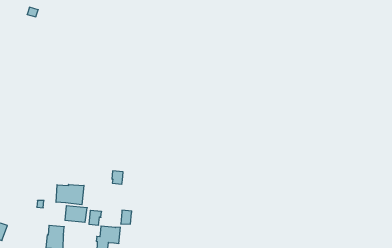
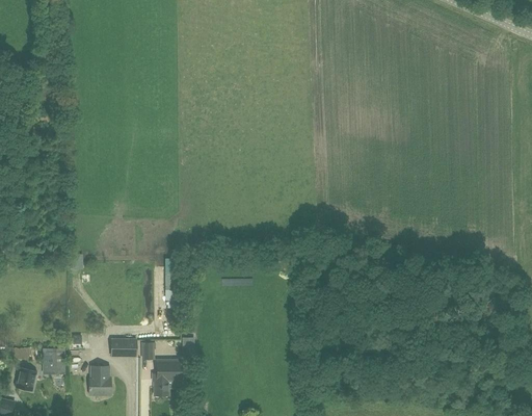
building: [56,184,84,205] -> none
building: none -> [42,347,63,371]

